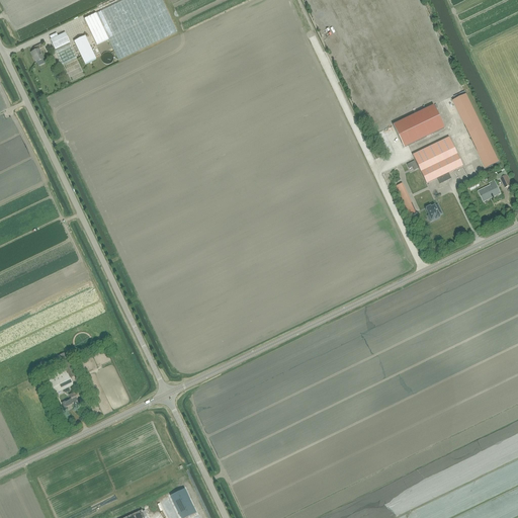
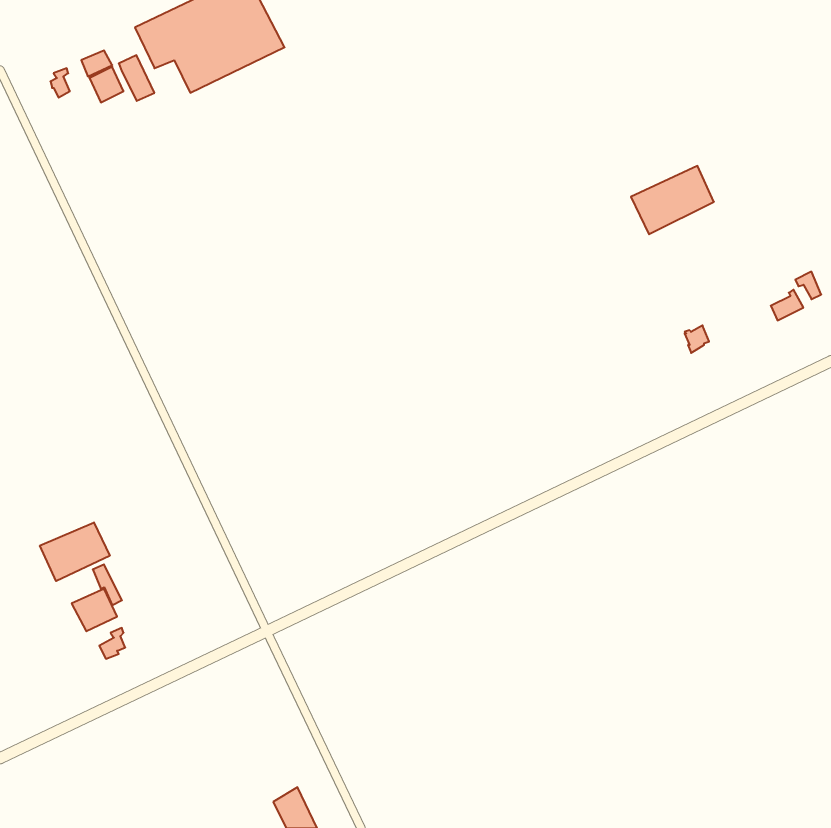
building: [452,92,500,168] -> none
building: [412,136,463,182] -> none
building: none -> [40,522,110,581]

